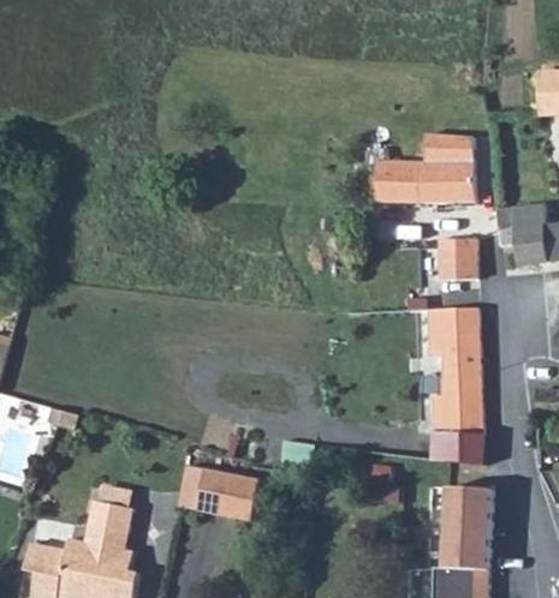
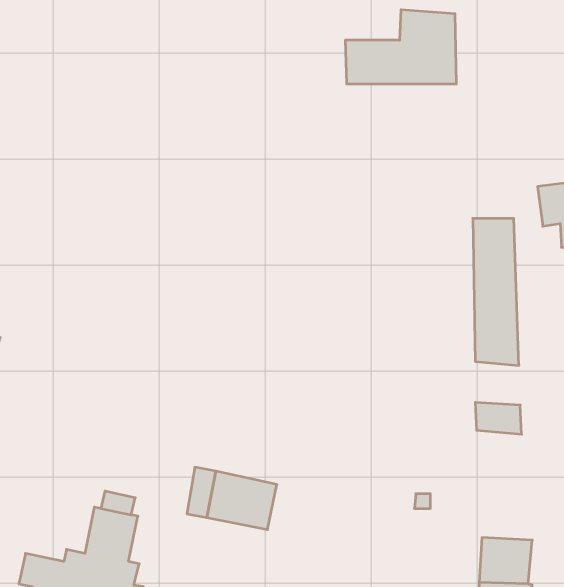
building: [374,133,475,201] -> [345,10,456,84]
building: [439,367,480,407] -> none
building: [430,430,483,464] -> none
building: [445,486,492,530] -> none

